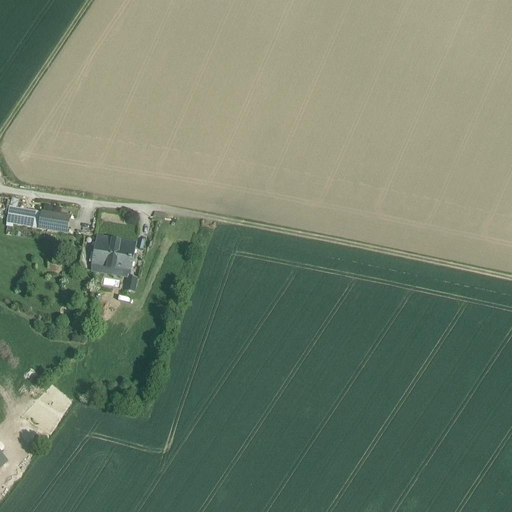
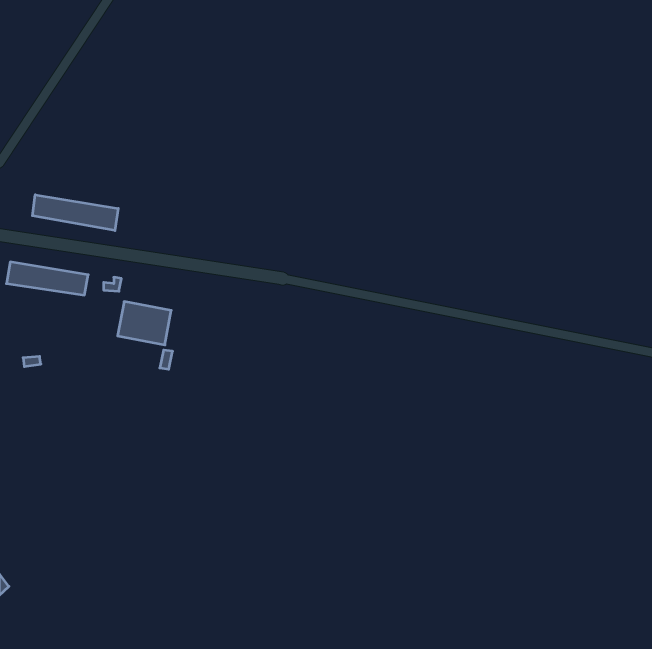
building: none -> [32,195,118,231]

